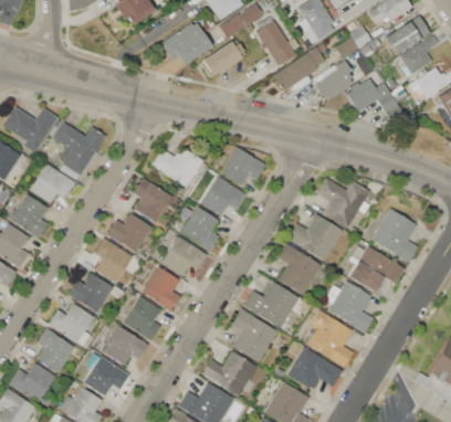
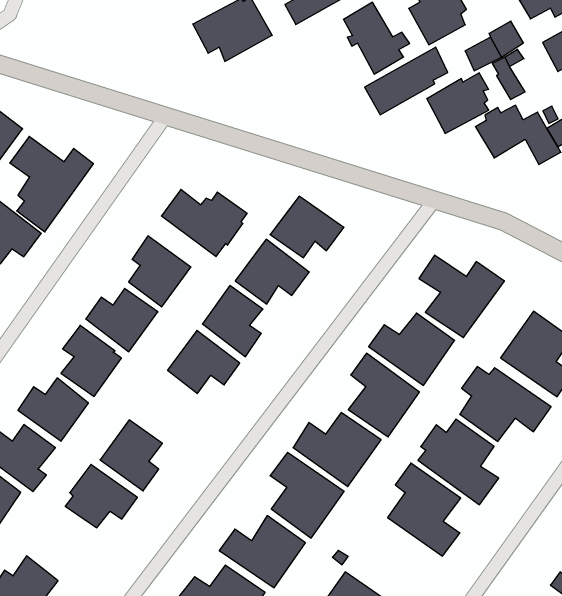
building: [200,42,244,78] -> none
building: [143,266,181,312] -> none
building: [286,347,343,389] -> none
building: [83,352,130,397] -> none

